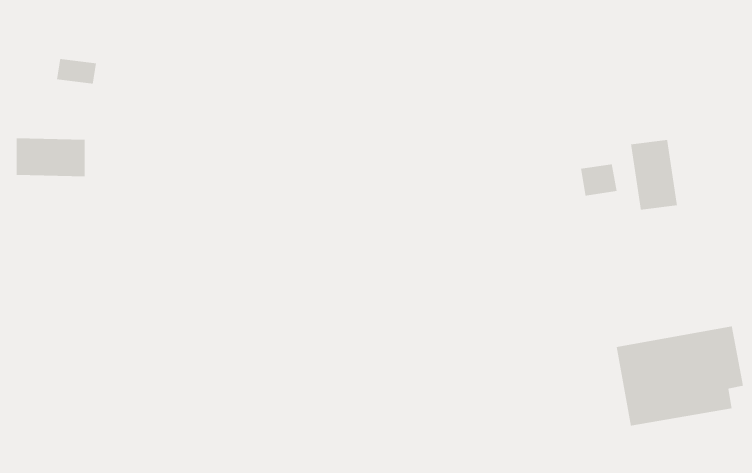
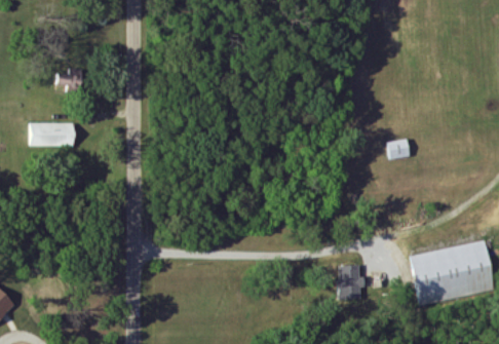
building: [631,139,678,210] -> none
building: none -> [338,264,361,299]

